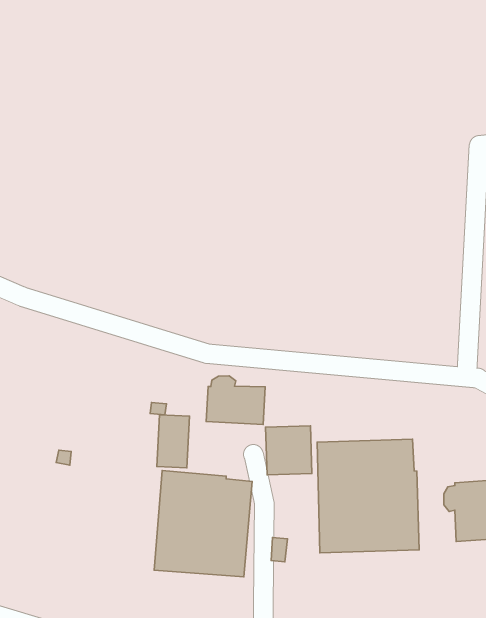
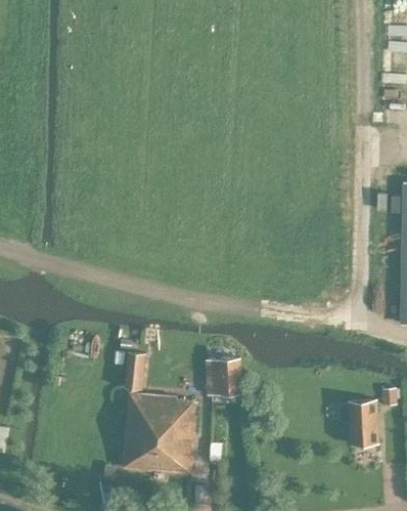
building: [206,376,265,424] -> none
building: [317,439,419,553] -> none

